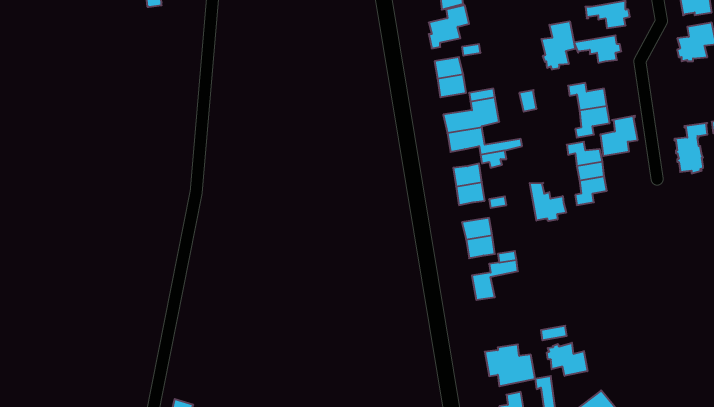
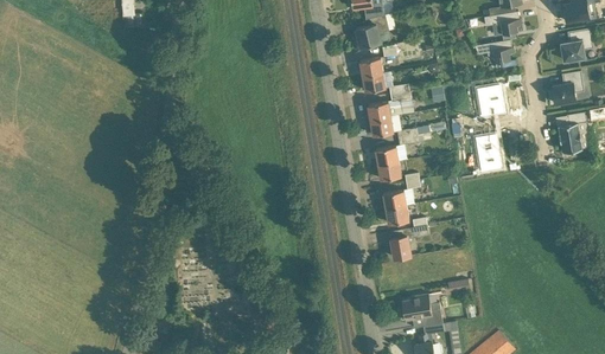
building: [541,21,575,70] -> none
building: [600,116,638,156] -> [552,71,582,104]
building: [530,183,566,221] -> none
building: [547,343,587,376] -> none

